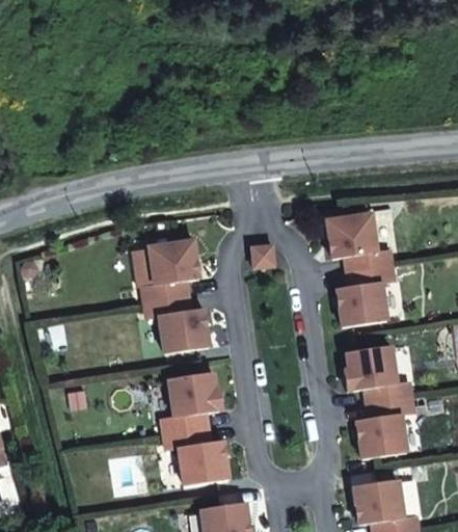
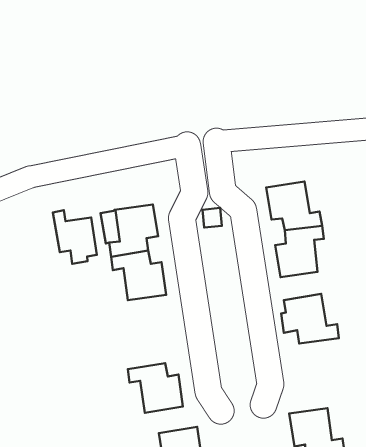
building: none -> [53,210,97,264]
building: [162,372,223,434] -> none
building: [356,398,413,459] -> none

